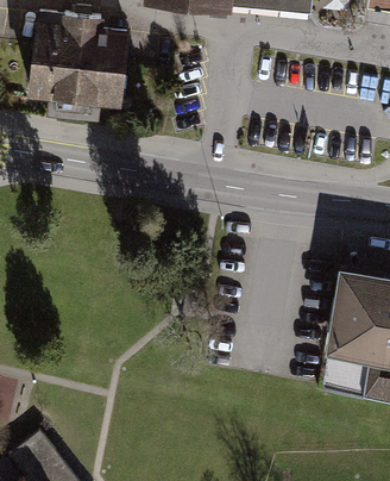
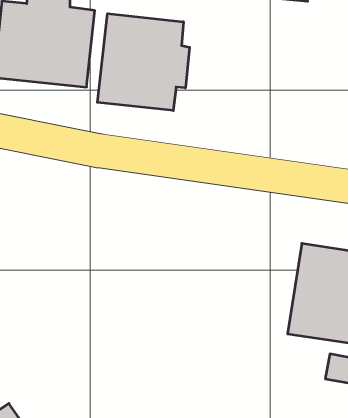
building: none -> [97,14,190,111]

